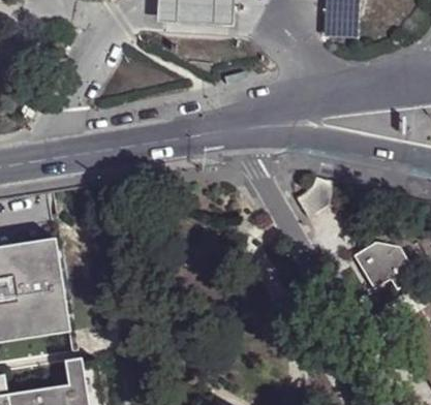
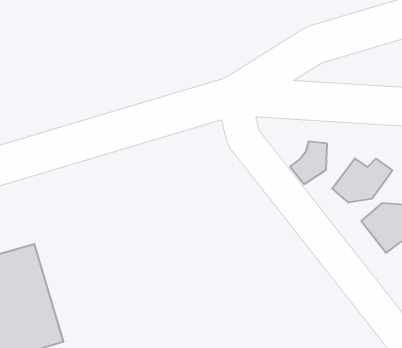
building: none -> [332,158,392,203]

